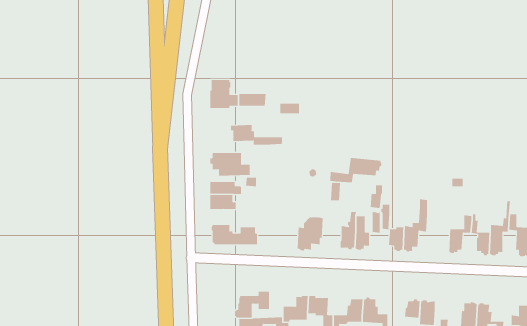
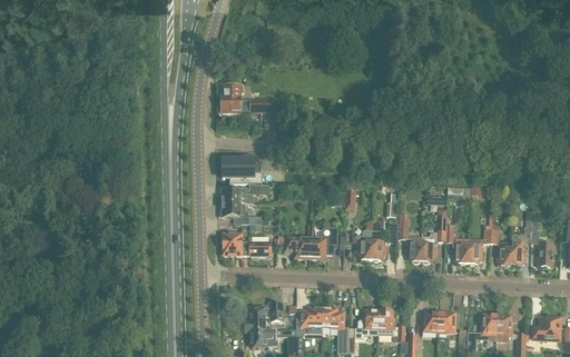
building: [230,124,283,145] -> none
building: [330,157,382,183] -> none
building: none -> [445,225,469,265]
building: none -> [285,236,312,261]

